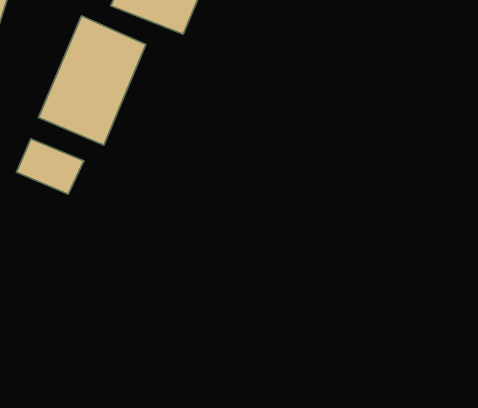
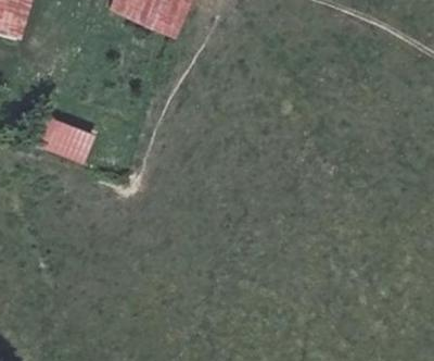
building: [39,16,146,145] -> none

